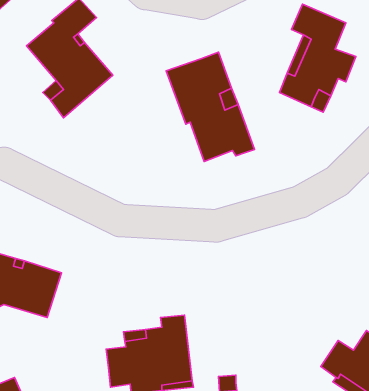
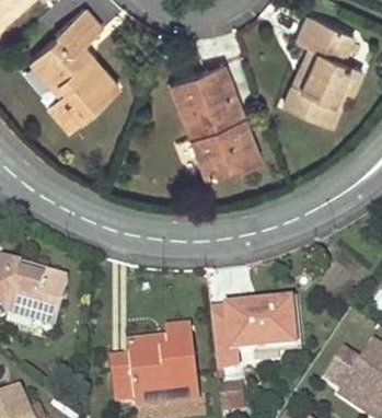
building: none -> [211,303,293,370]

